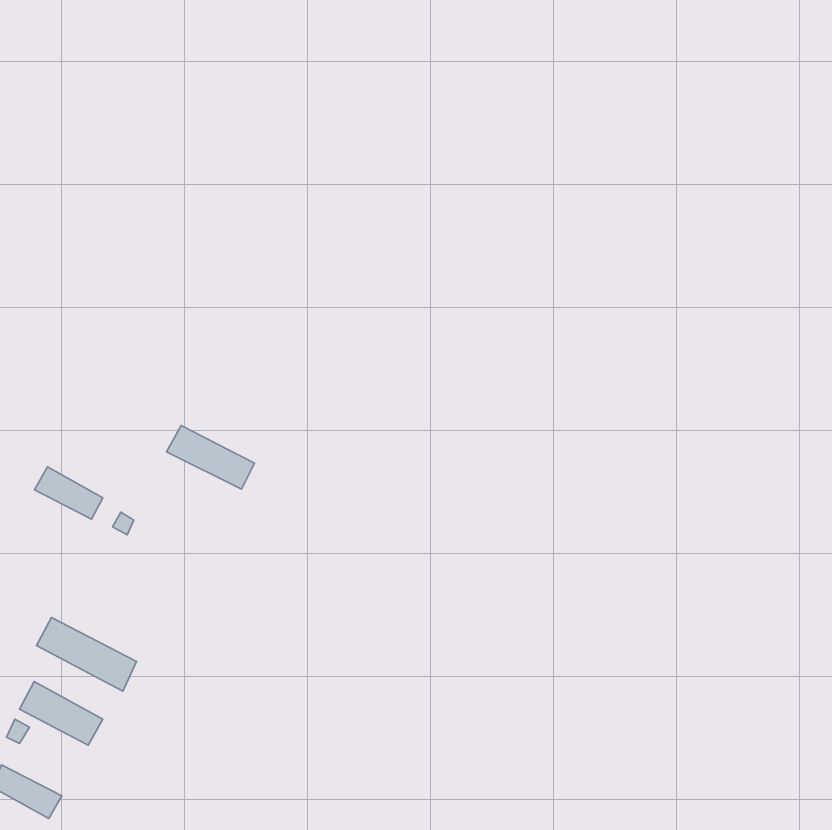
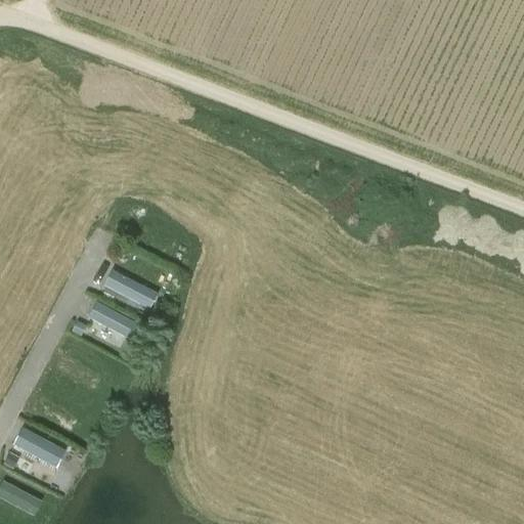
building: [34,467,103,519] -> [88,303,131,336]
building: [37,617,137,691] -> none

